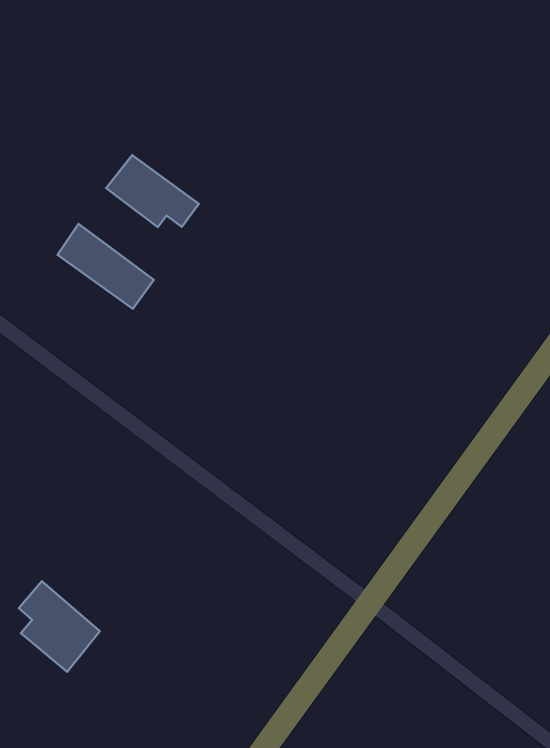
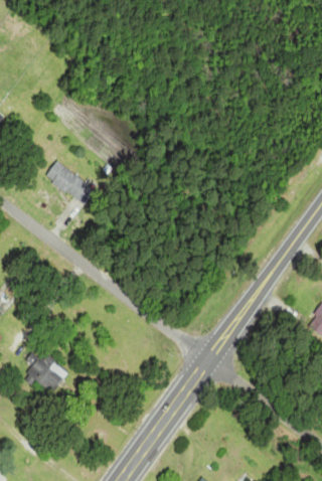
building: [106,155,199,227] -> none

